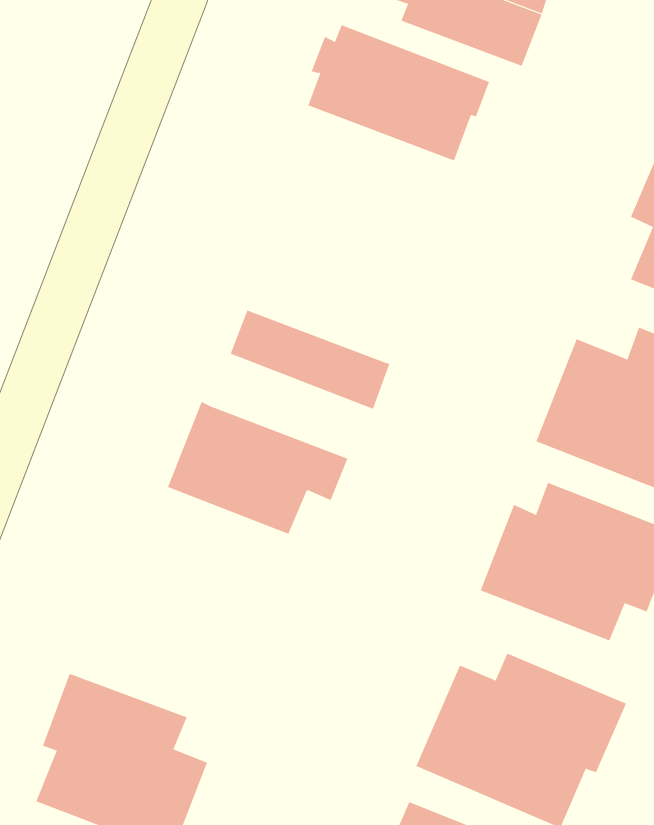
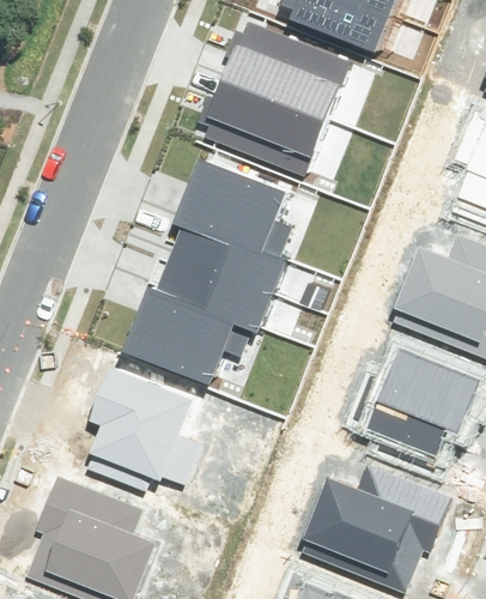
building: none -> [200,78,328,176]
building: none -> [175,157,292,260]
building: none -> [156,254,271,331]
building: none -> [85,365,206,489]

